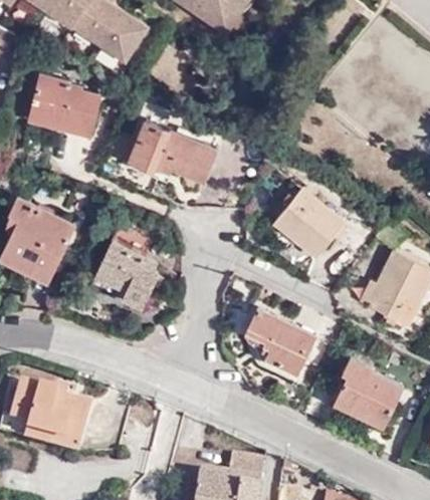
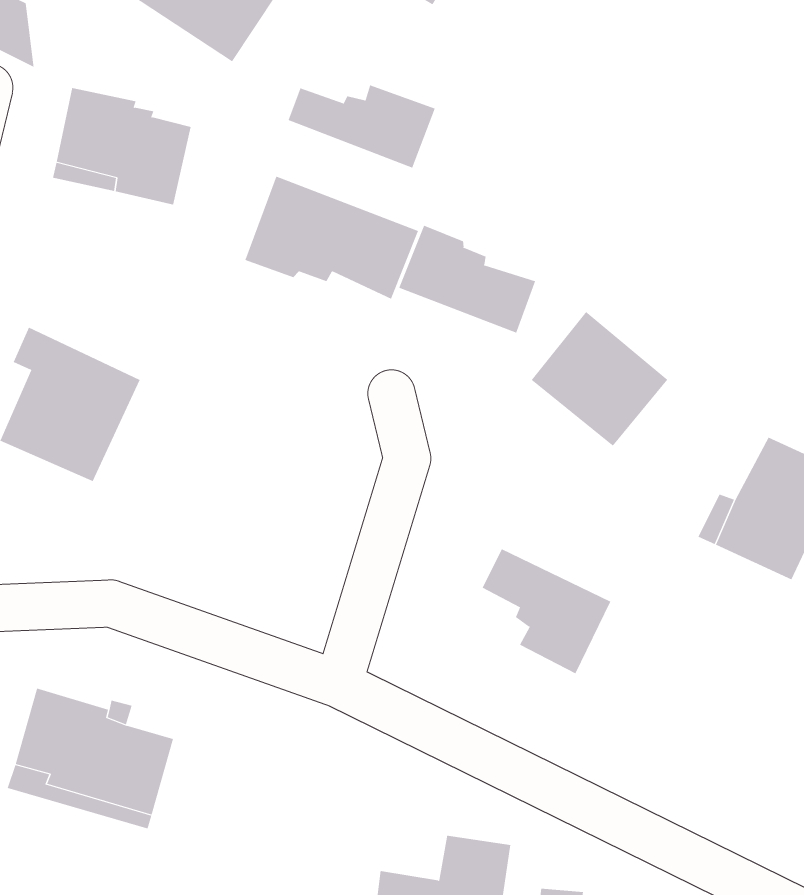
building: none -> [288,84,436,168]
building: none -> [399,225,536,333]
building: [96,225,162,306] -> none
building: [338,358,401,428] -> none

